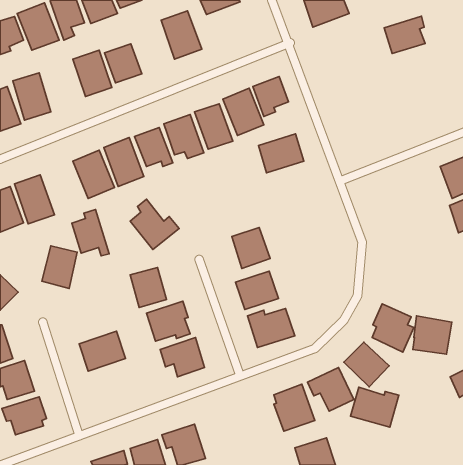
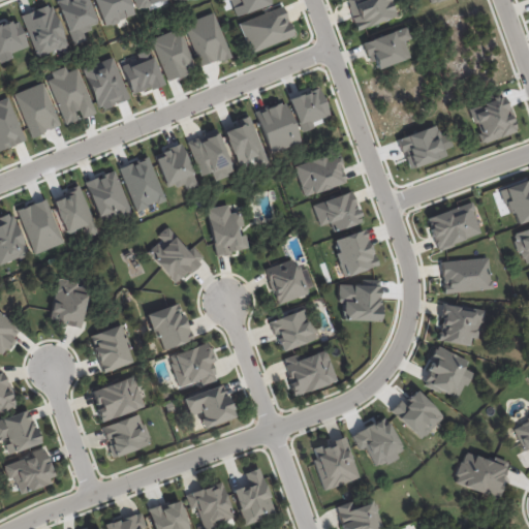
building: none -> [241,6,294,52]
building: [384,16,425,53] -> [365,27,411,69]
building: none -> [152,28,196,81]
building: none -> [48,67,96,125]
building: none -> [469,95,518,143]
building: none -> [399,125,447,169]
building: none -> [313,191,362,230]
building: none -> [427,203,481,248]
building: none -> [209,205,249,255]
building: none -> [335,229,377,277]
building: [72,209,109,256] -> [55,184,97,237]
building: none -> [441,256,493,293]
building: none -> [341,283,379,320]
building: none -> [90,324,133,372]
building: [413,316,452,354] -> [438,303,483,346]
building: none -> [102,413,151,457]
building: [351,387,399,427] -> [455,452,509,497]
building: none -> [234,467,276,524]

